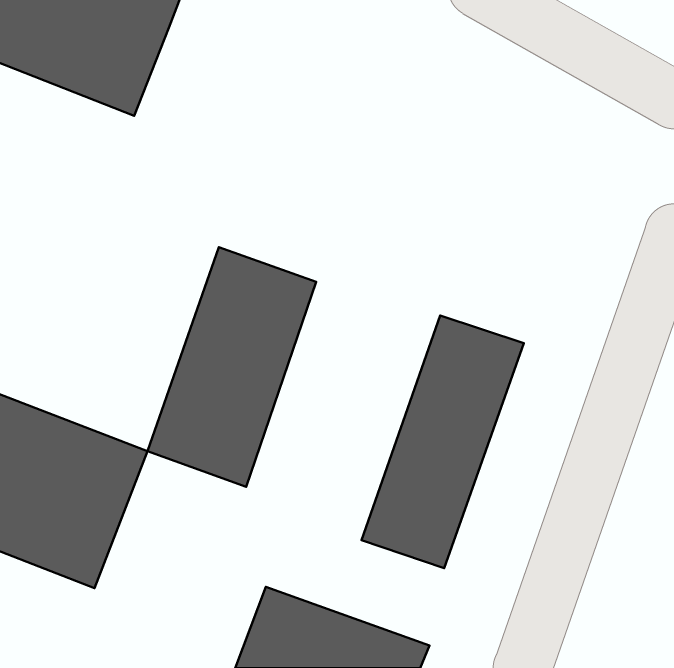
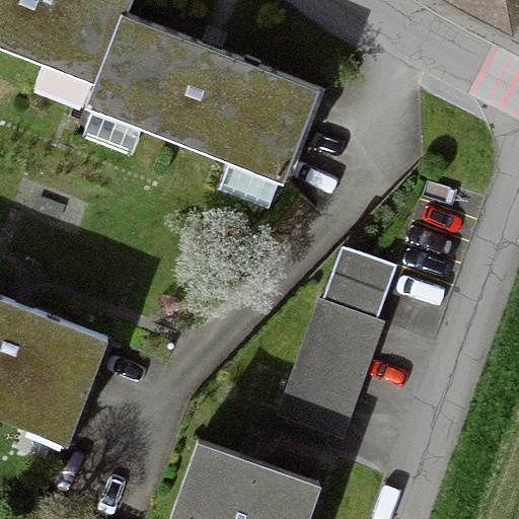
building: none -> [94,21,320,183]
building: [148,247,316,487] -> none

